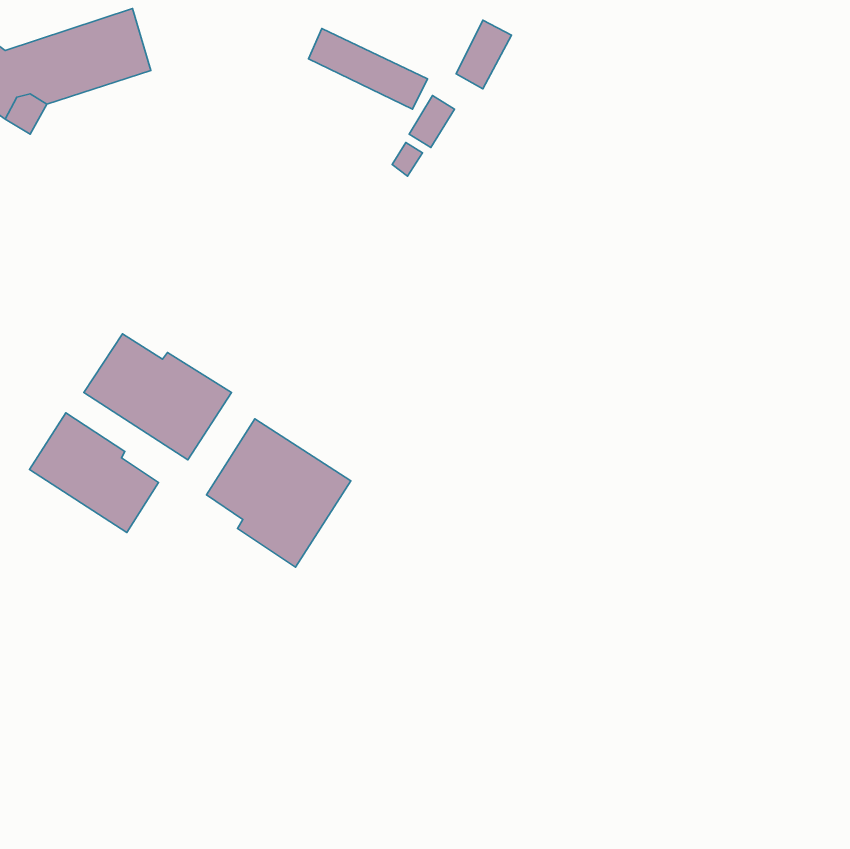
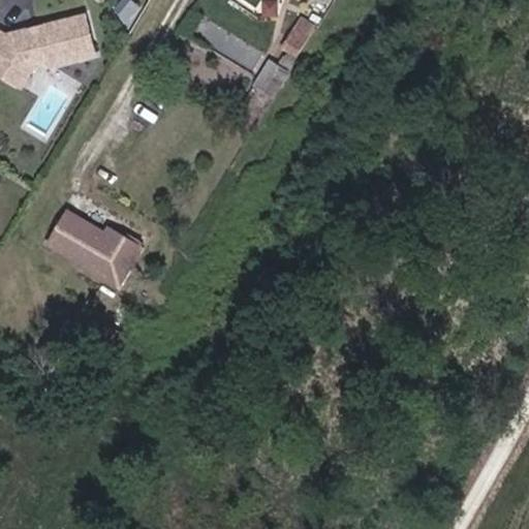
building: [29,413,158,533] -> none
building: [207,419,351,567] -> none

